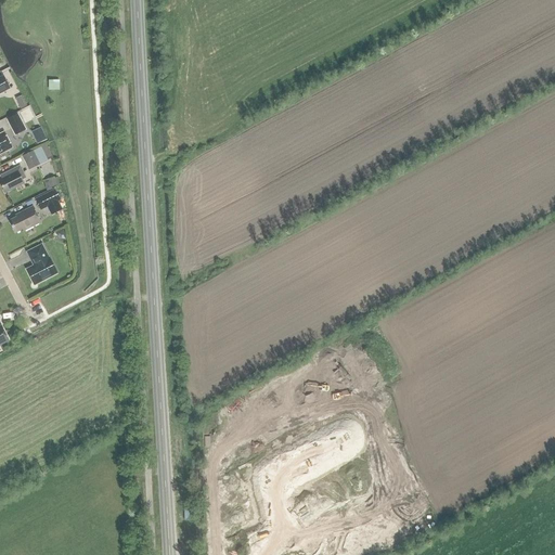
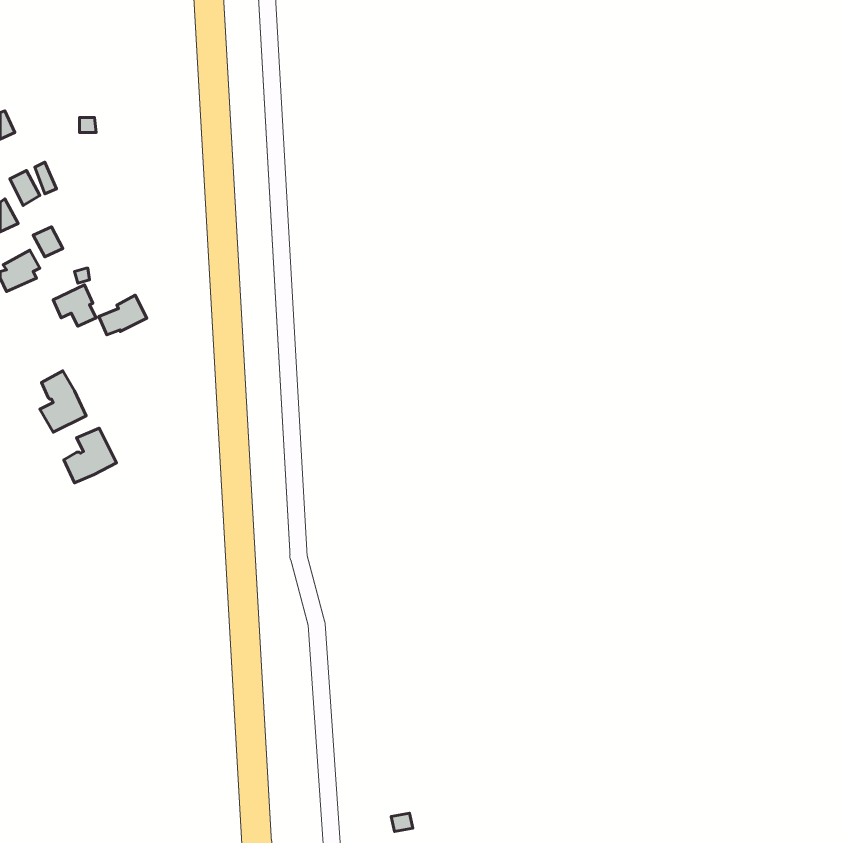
building: [9,205,40,231] -> [99,295,147,335]
building: none -> [64,428,117,483]

